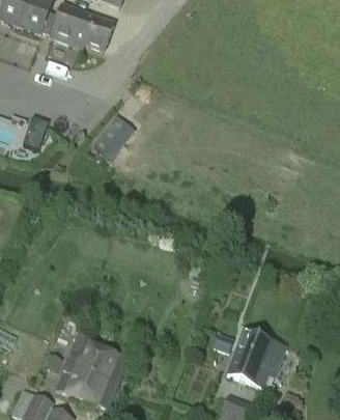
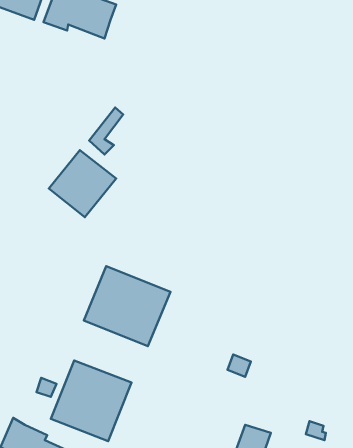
building: none -> [49,150,116,217]
building: none -> [84,266,170,346]
building: [226,329,286,390] -> none

